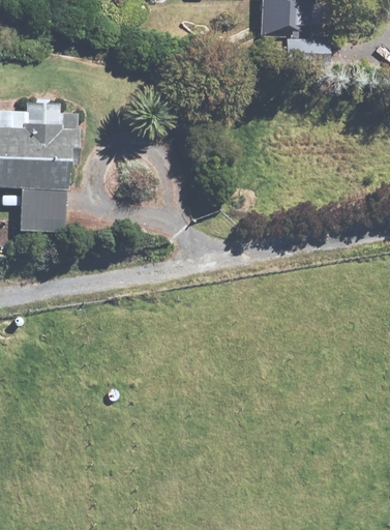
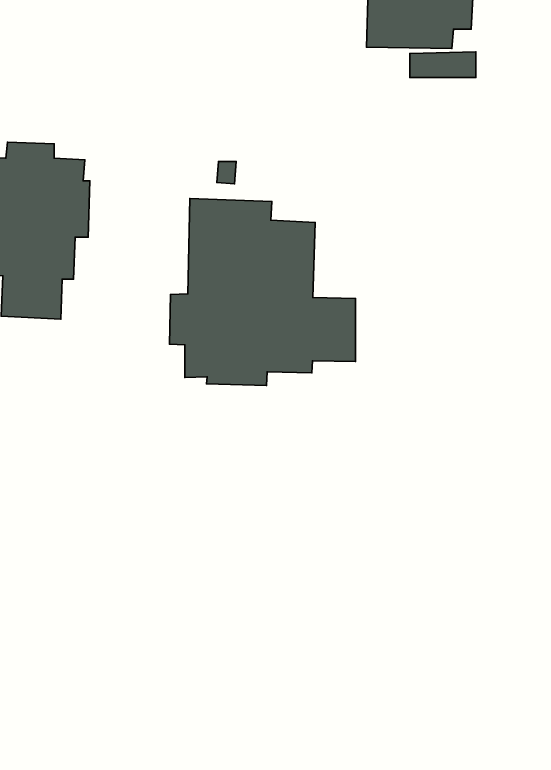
building: none -> [169,198,356,386]

